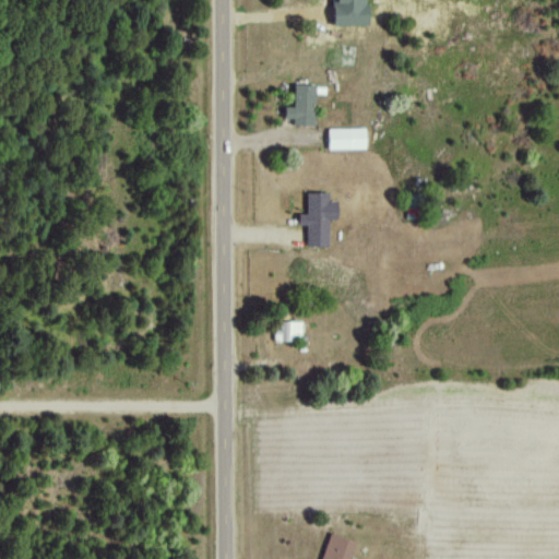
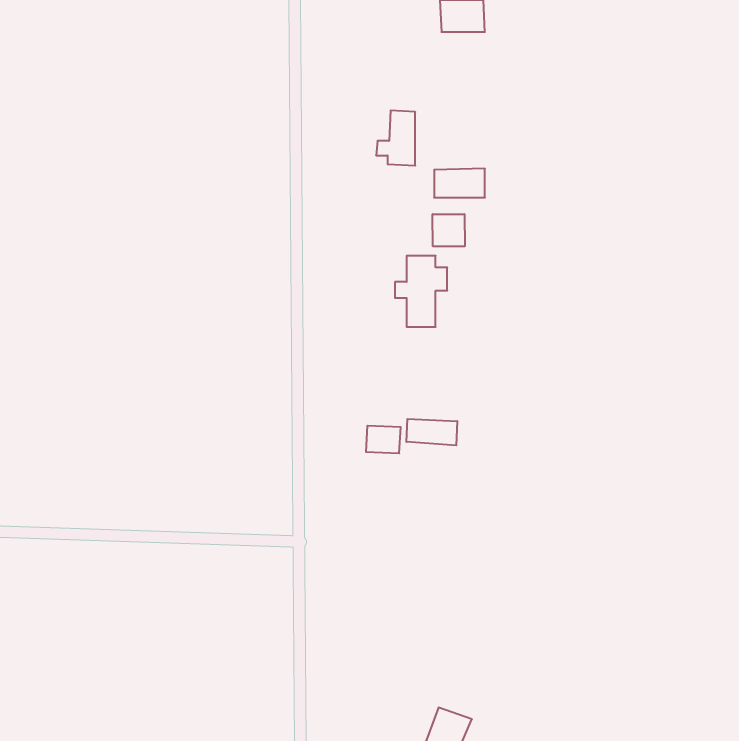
building: none -> [433,214,465,246]
building: none -> [406,419,457,445]

